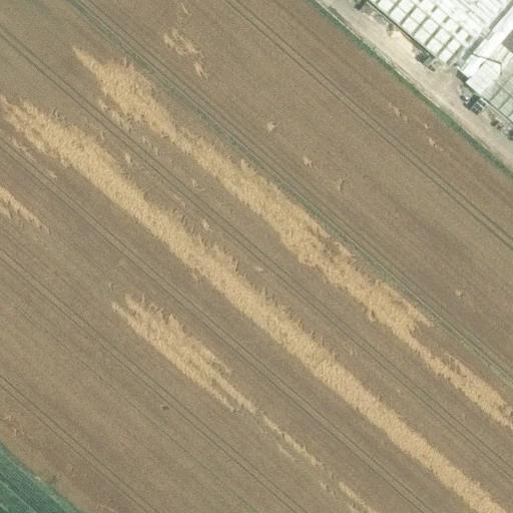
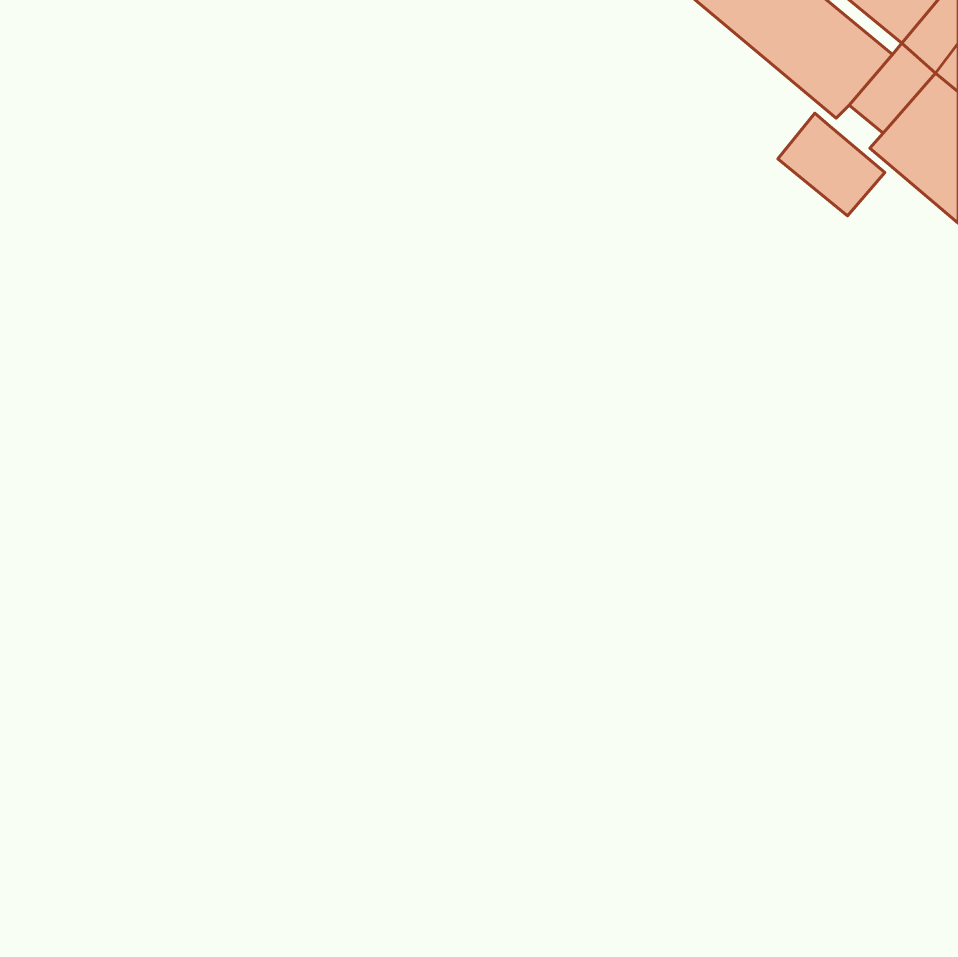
building: none -> [778,113,885,216]

